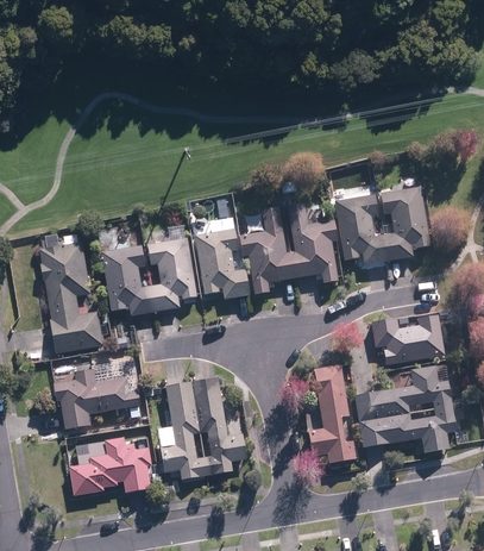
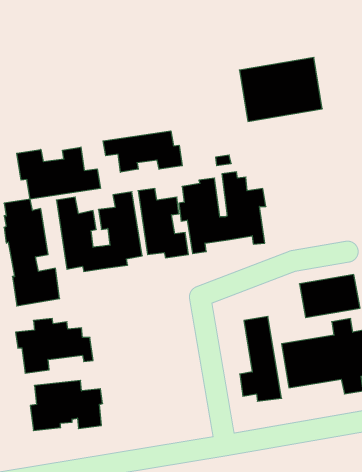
building: none -> [103,131,182,172]
building: none -> [17,147,100,199]
building: [335,188,429,261] -> [239,57,322,121]
building: [157,377,247,480] -> none

